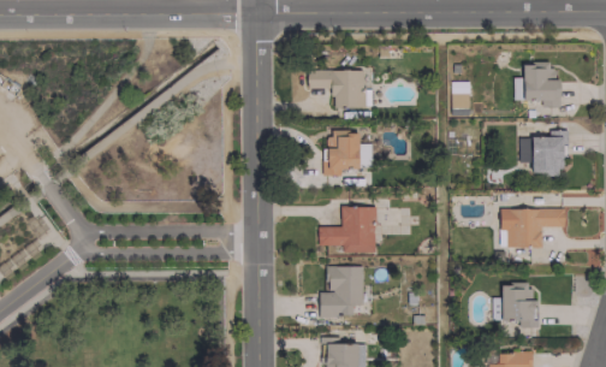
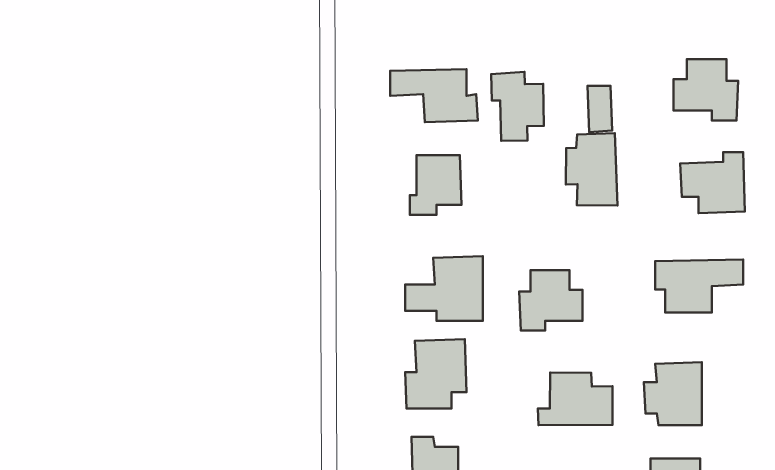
building: none -> [491,72,544,141]
building: none -> [566,133,617,205]
building: none -> [519,270,582,330]
building: none -> [538,372,613,425]

